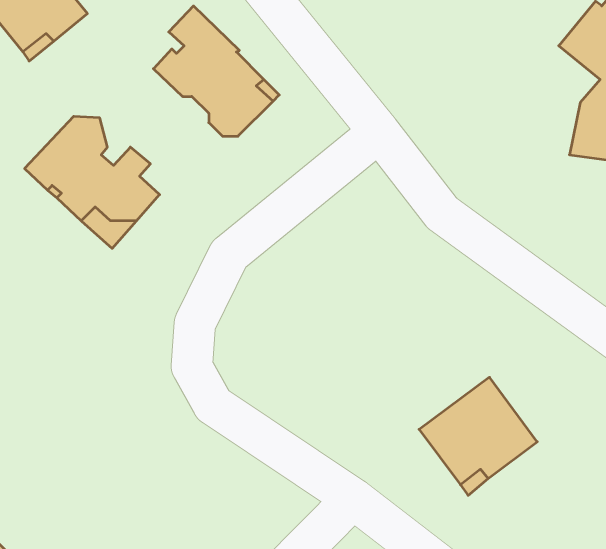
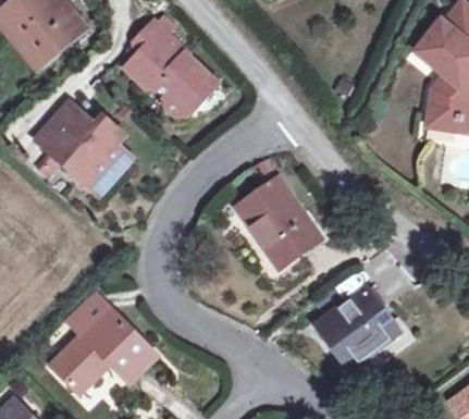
building: none -> [235,176,320,267]
building: none -> [50,306,156,391]

